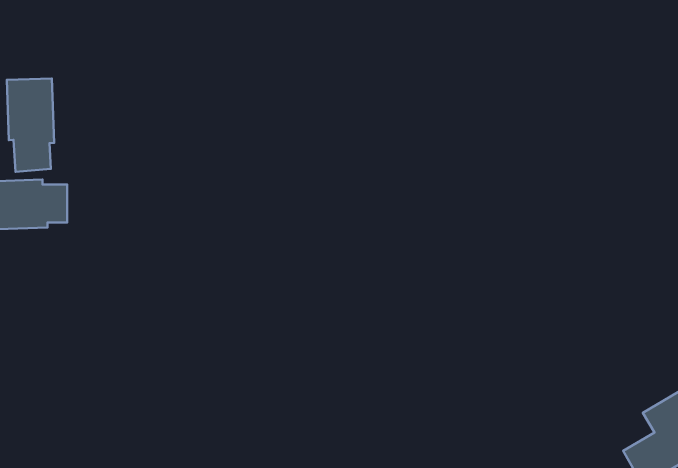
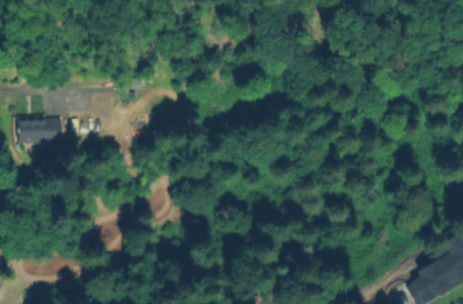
building: [7,78,54,172] -> none

